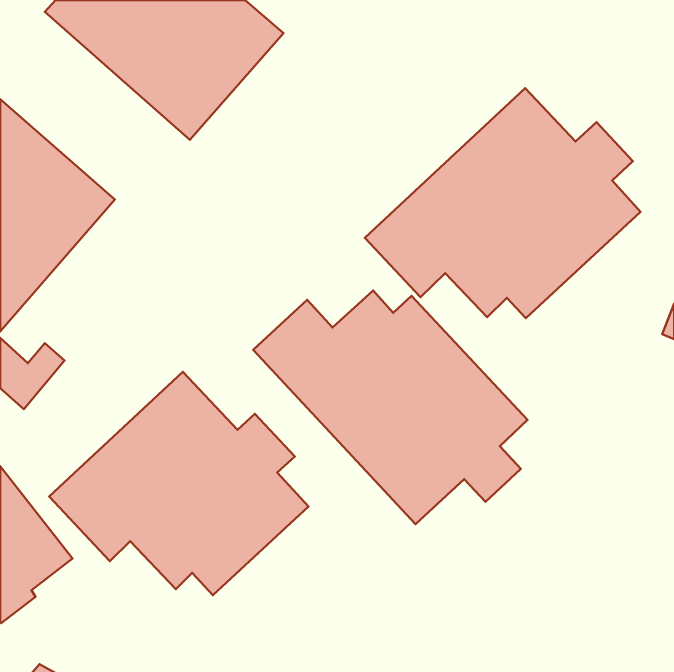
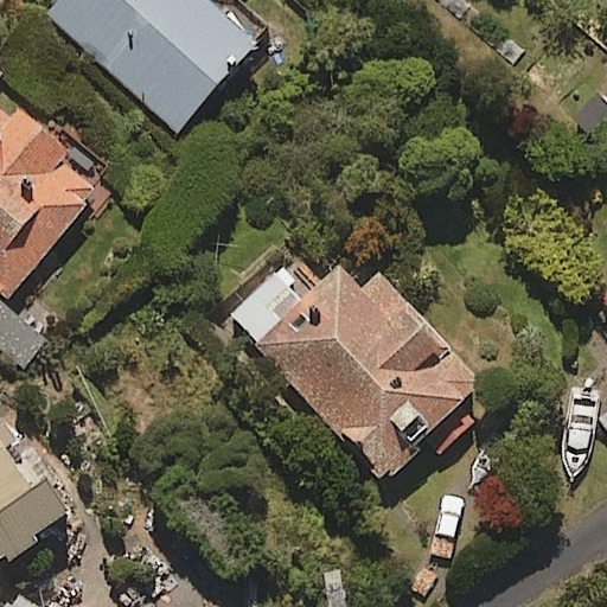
building: [365,88,641,318] -> none
building: [49,372,308,595] -> none

